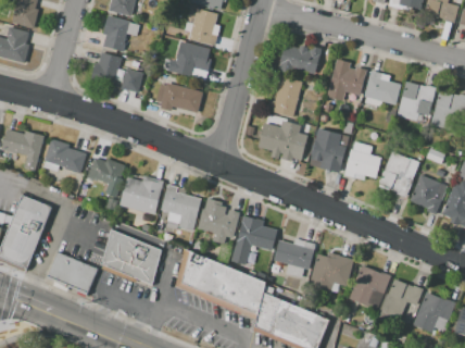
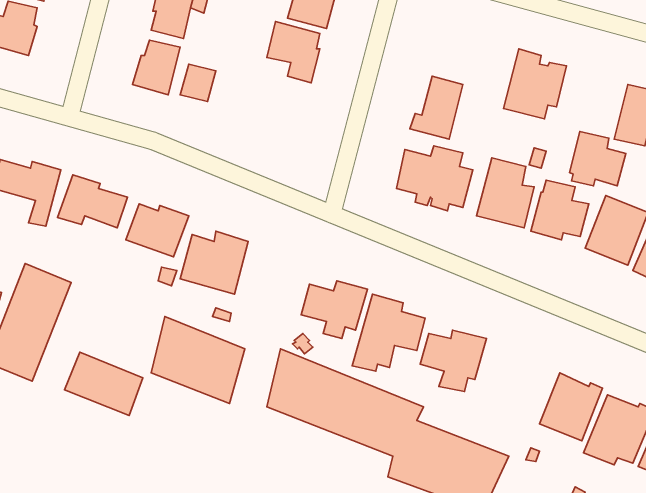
building: [278,44,322,73] -> none
building: [365,70,401,104] -> [570,131,626,186]
building: [156,83,202,112] -> none
building: [161,183,202,229] -> none
building: [309,251,355,293] -> none

